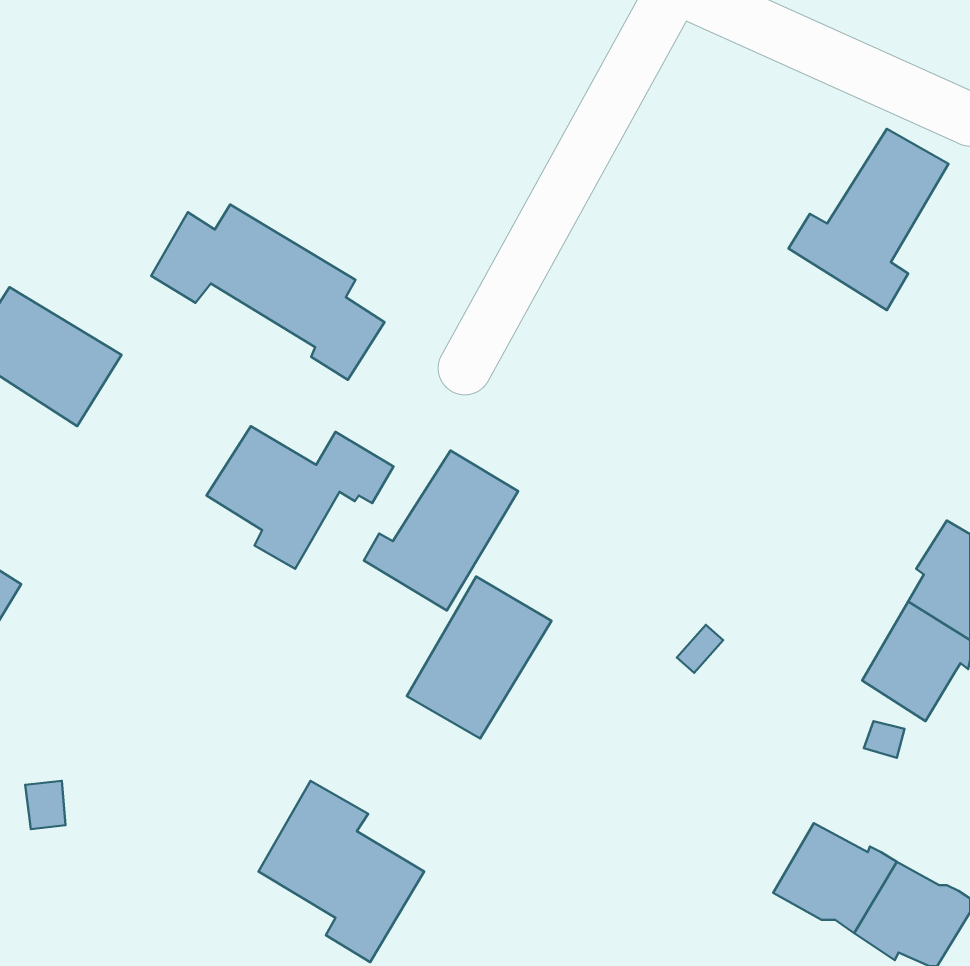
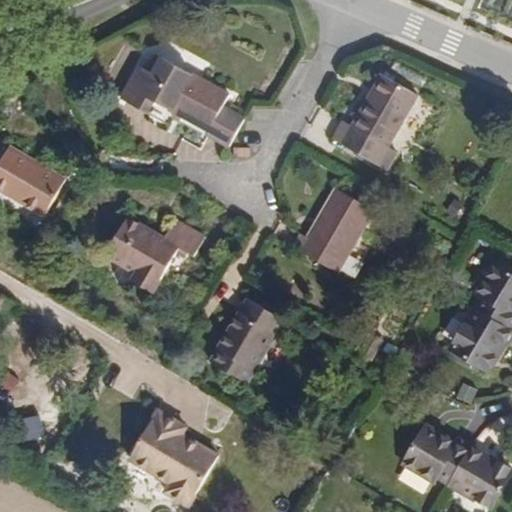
building: [788,129,949,310] -> [330,75,413,169]
building: [151,205,384,380] -> [123,51,244,142]
building: [364,451,518,611] -> [292,187,372,270]

